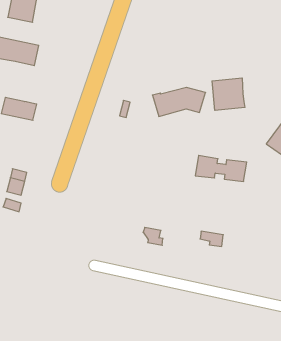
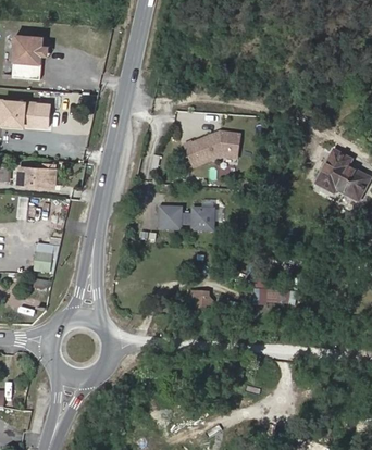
building: [212,78,245,110] -> none
building: [195,155,247,181] -> [159,205,214,228]

